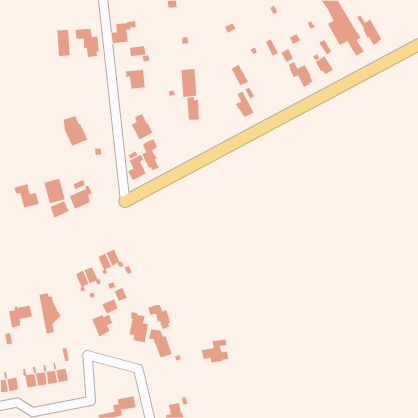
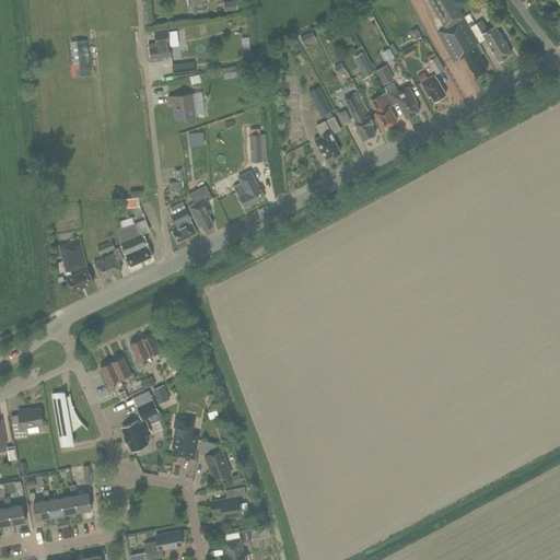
building: [75,28,99,58] -> none
building: [181,68,197,98] -> none
building: none -> [343,92,375,139]
building: none -> [372,92,396,127]
building: [131,113,153,140] -> [234,171,264,207]
building: [63,115,88,146] -> [118,223,152,265]
building: [13,183,39,208] -> none
building: [147,304,171,330] -> none
building: [201,339,229,363] -> [211,486,248,518]

